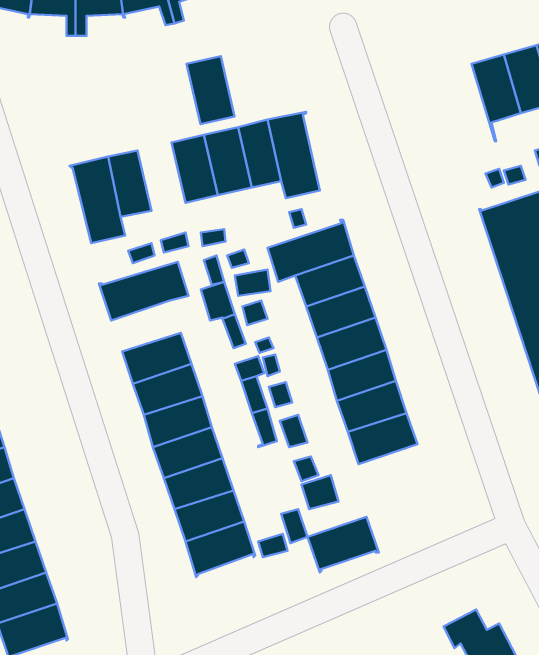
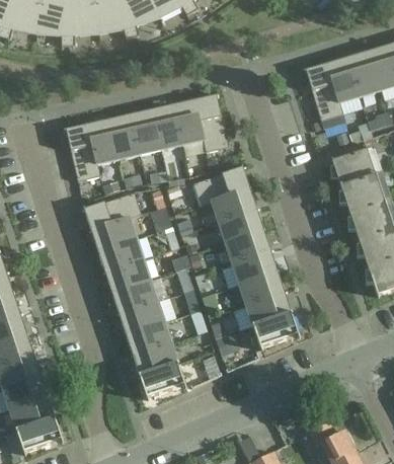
building: [187,56,235,124] -> [107,115,139,160]
building: none -> [303,64,341,122]
building: none -> [90,219,136,252]
building: [308,517,379,573] -> [252,313,299,350]

